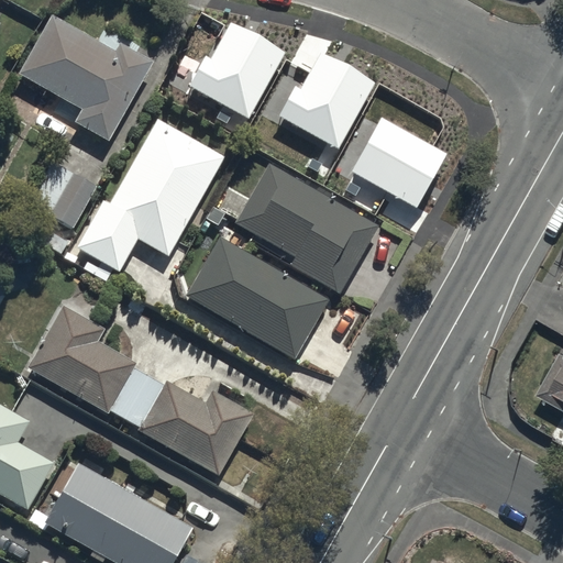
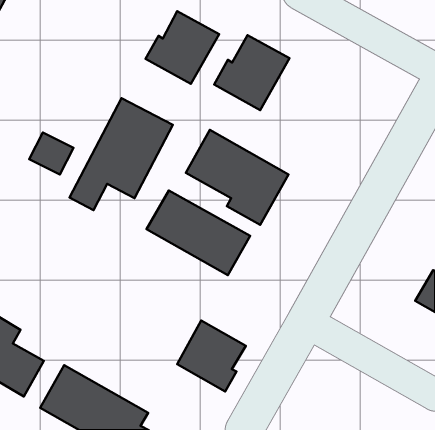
building: [25,22,154,136] -> none
building: [349,109,444,199] -> none
building: [33,313,249,474] -> none
building: none -> [177,320,246,392]

